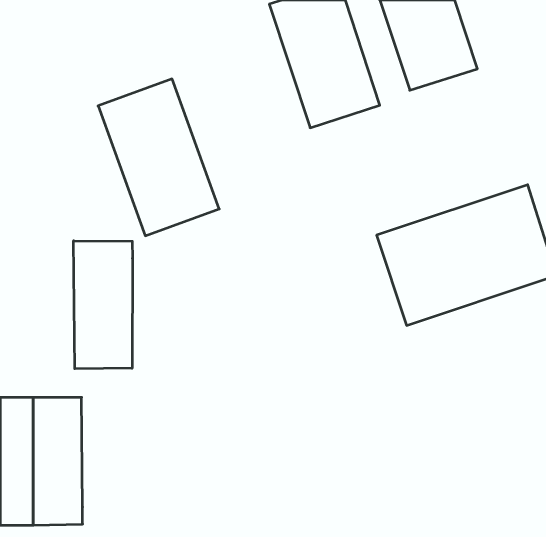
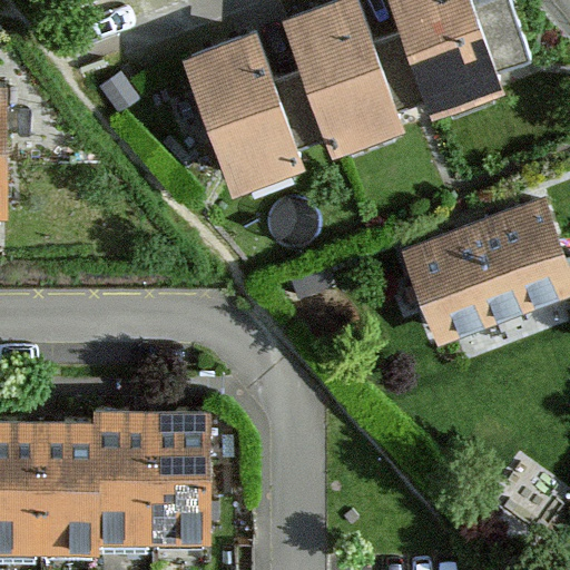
building: [98,79,219,236] -> [179,30,305,193]
building: [74,241,132,369] -> none
building: none -> [87,403,208,538]

